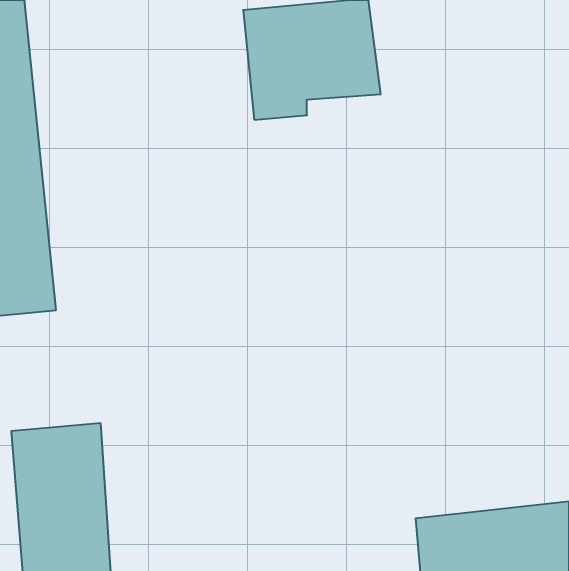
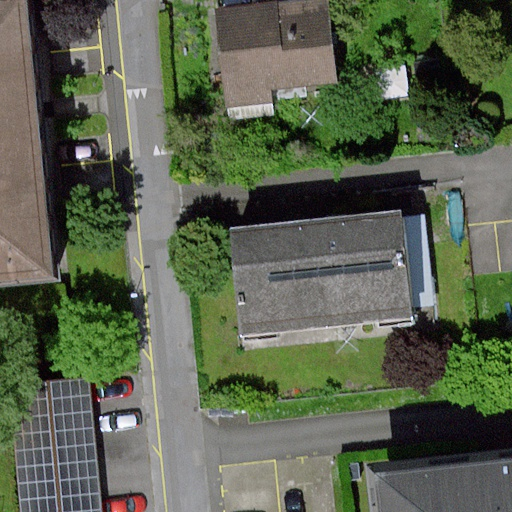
building: none -> [236,214,417,334]

